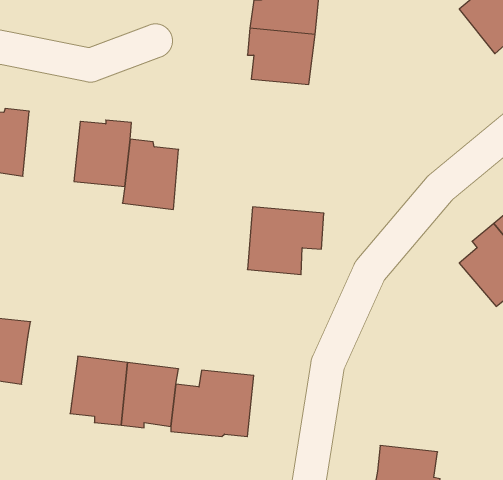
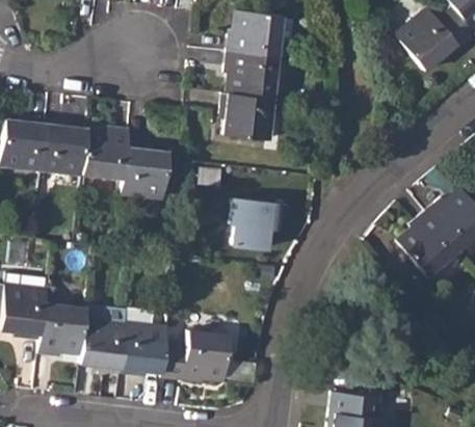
building: none -> [219,91,274,140]
building: none -> [42,118,88,176]
building: none -> [39,302,87,357]

